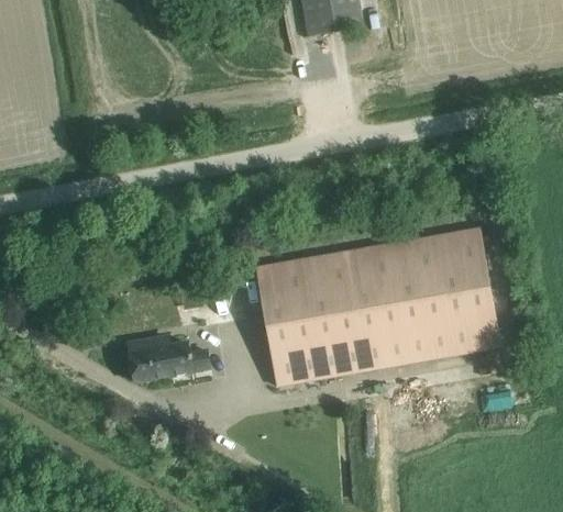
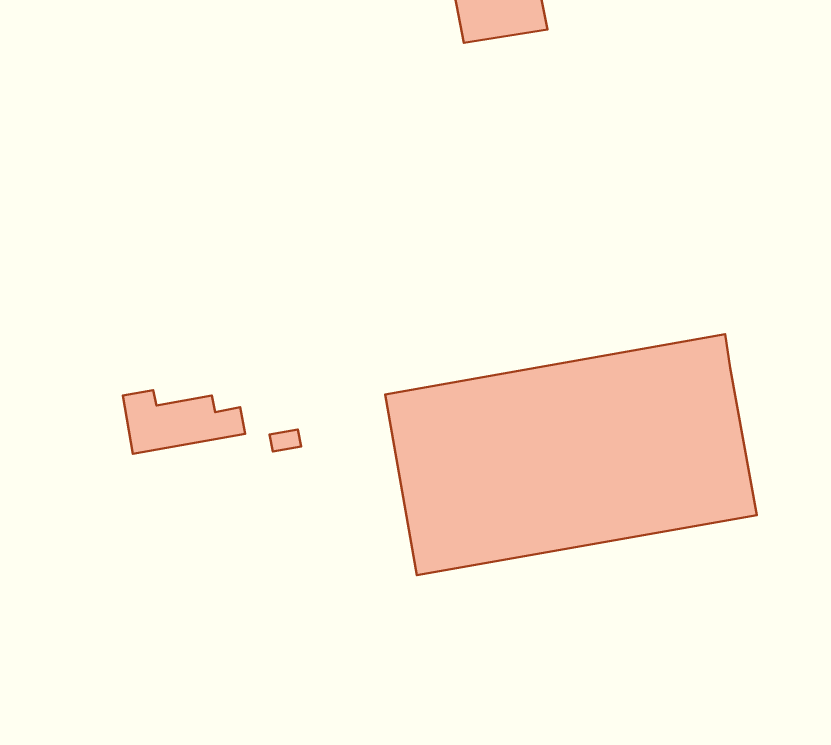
building: [129,337,209,379] -> [123,390,245,454]

